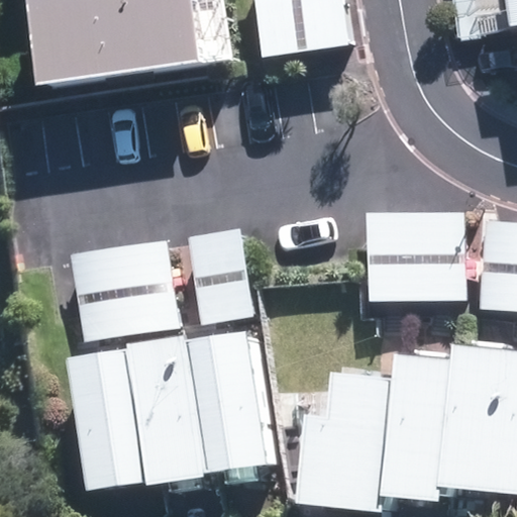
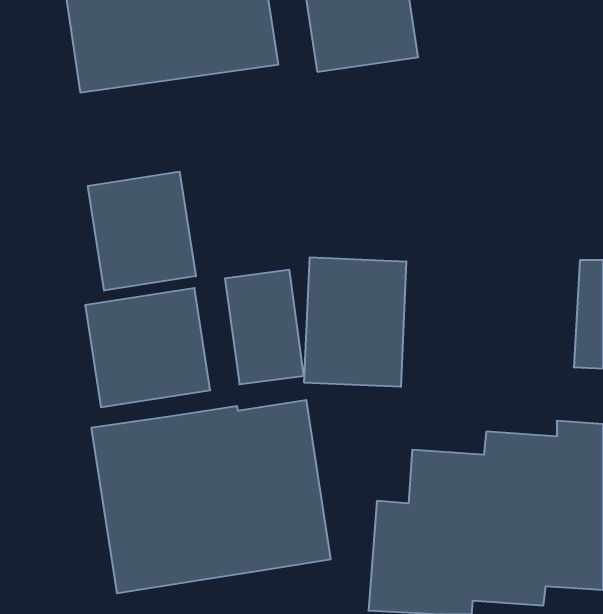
building: none -> [88,172,196,291]
building: [368,208,464,300] -> none
building: none -> [304,257,406,387]

